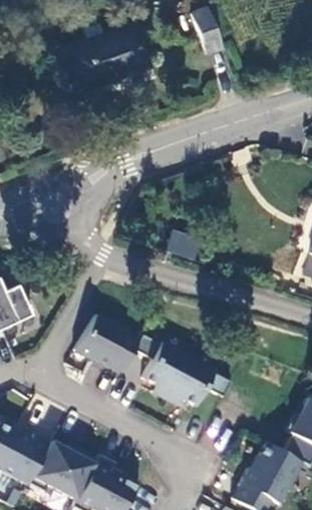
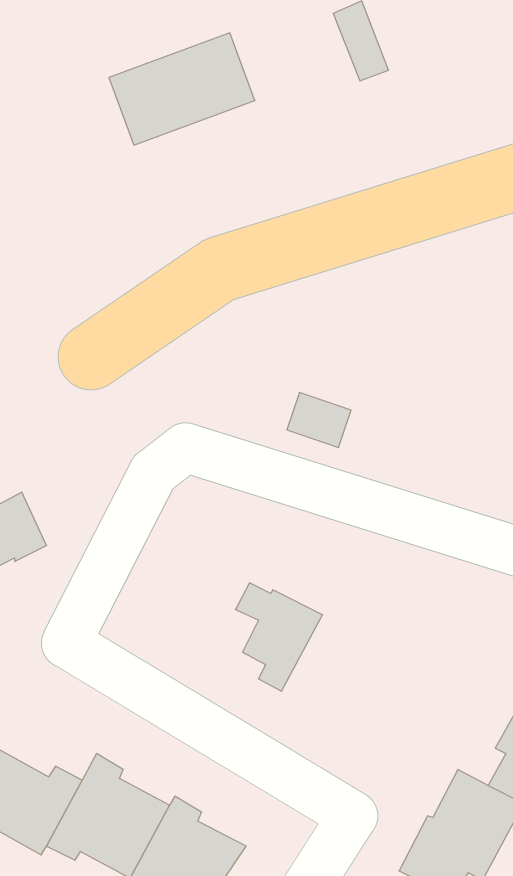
building: [73,313,138,370] -> none
building: [165,355,225,404] -> none

